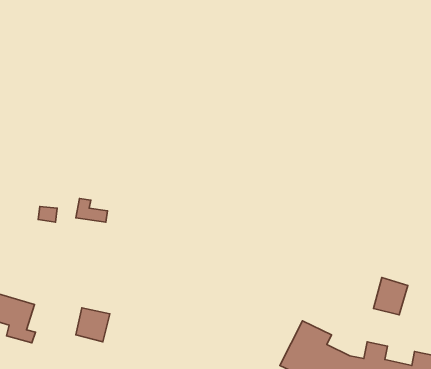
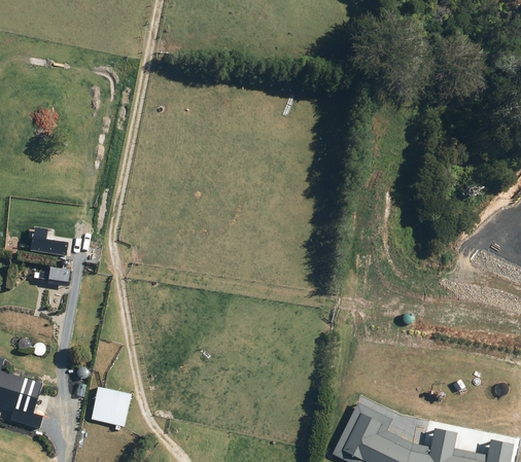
building: [76,199,107,222] -> [30,226,67,254]
building: [374,278,408,315] -> none

